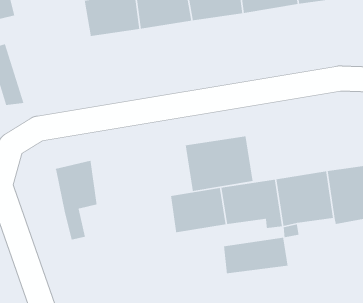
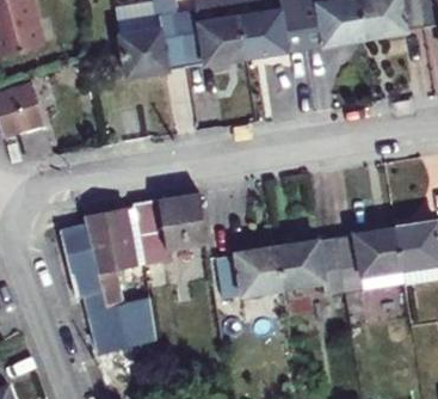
building: [185,135,254,192] -> [128,195,206,259]
building: none -> [53,226,149,352]
building: [223,237,288,274] -> none

